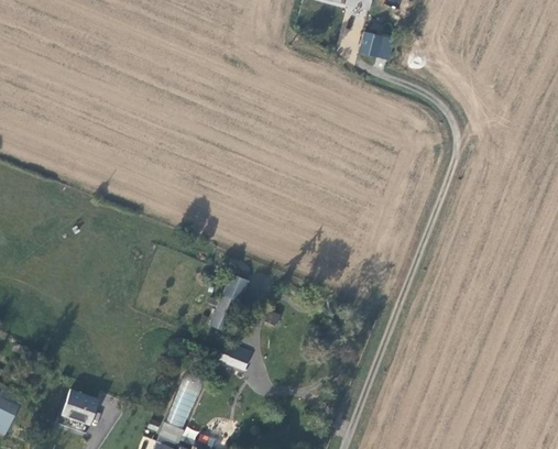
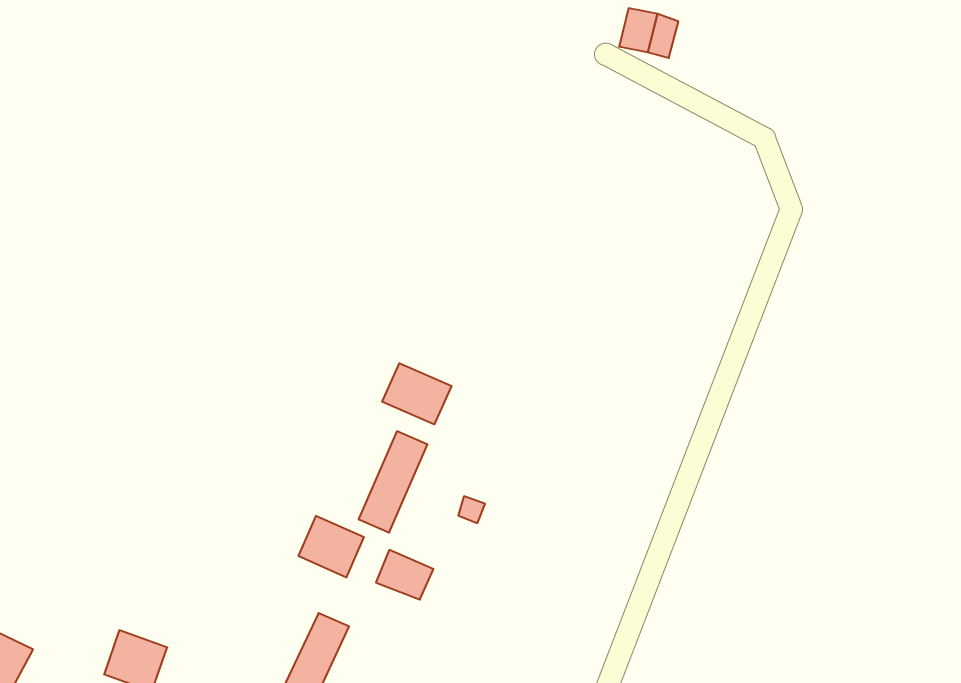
building: none -> [382,363,452,424]
building: none -> [299,516,364,577]

